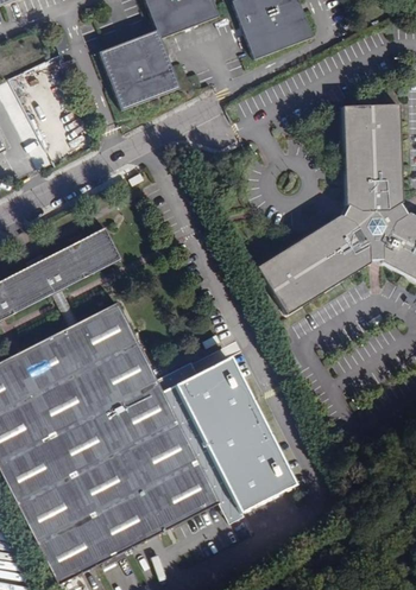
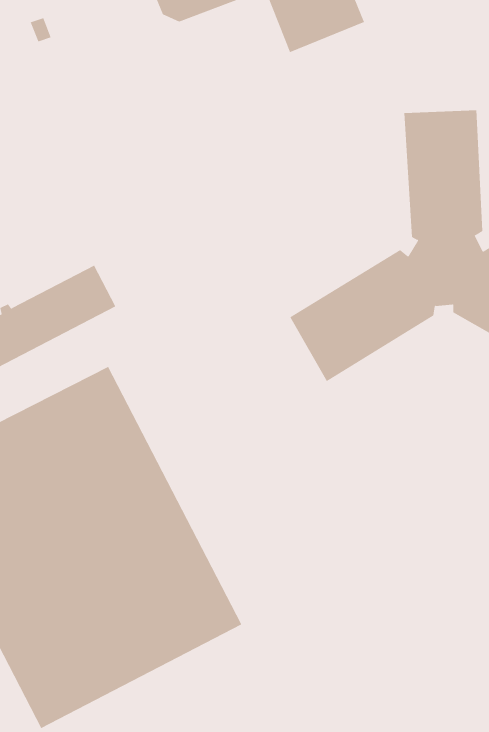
building: [99,33,179,109] -> none
building: [160,357,292,518] -> none

